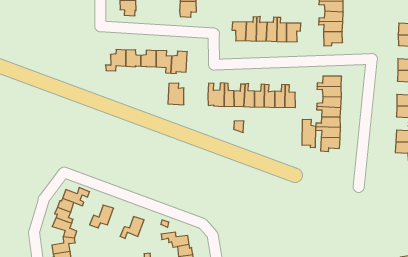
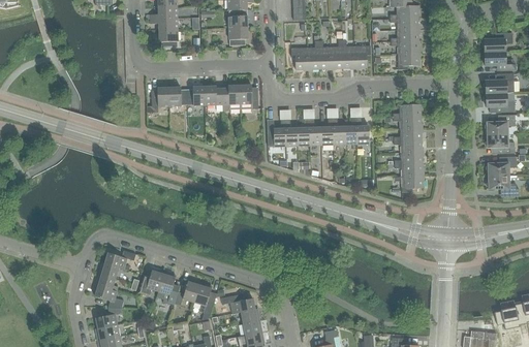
building: [168,83,184,105] -> [240,84,258,108]
building: [302,119,316,148] -> none
building: none -> [156,271,178,305]
building: none -> [194,282,214,319]

